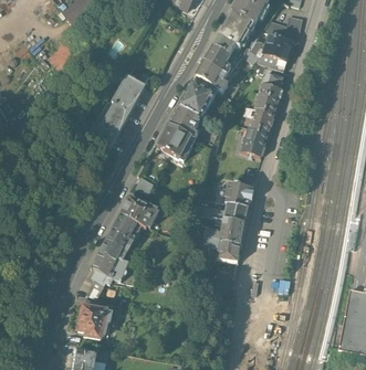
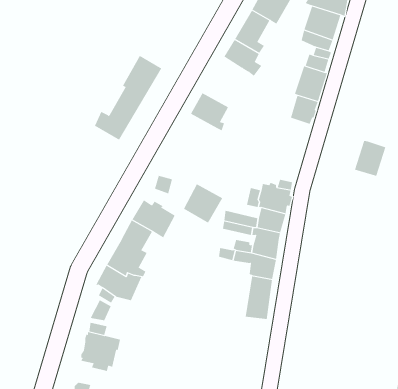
building: [179,75,218,117] -> none
building: [158,123,191,156] -> [183,184,223,224]
building: [242,126,269,156] -> [354,141,386,177]

